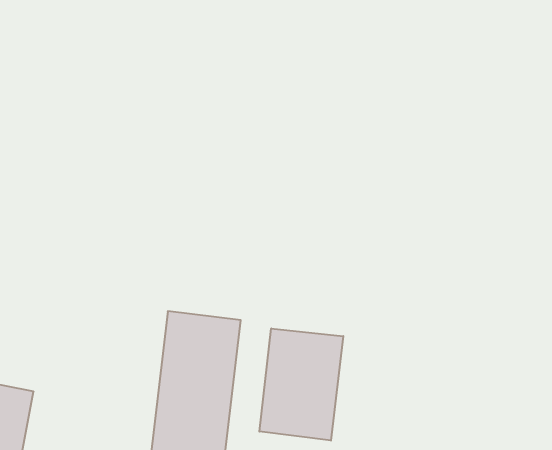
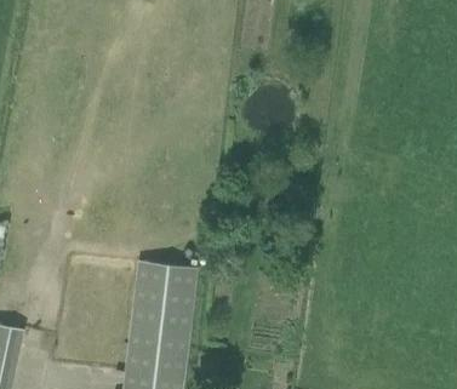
building: [259,328,343,441] -> none

